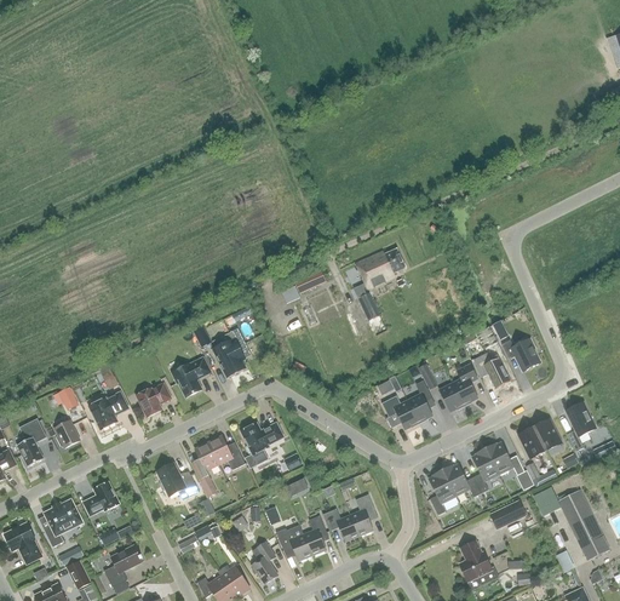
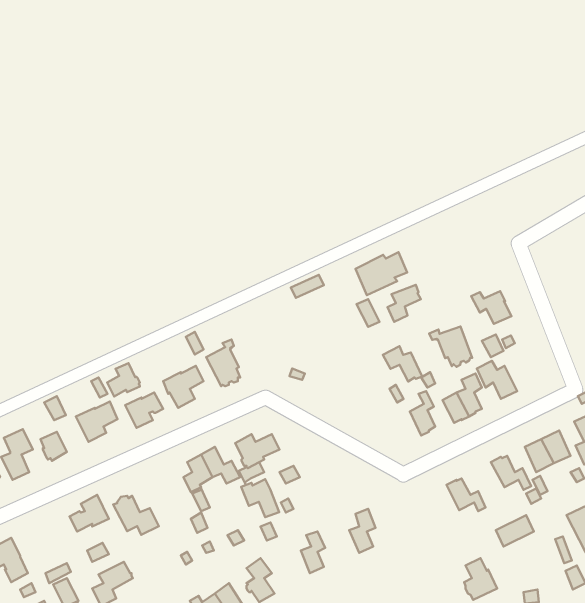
building: none -> [388,285,421,322]
building: none -> [429,326,472,367]
building: [501,338,540,370] -> [471,291,512,324]
building: none -> [107,363,140,397]
building: [381,394,419,428] -> [383,346,422,381]
building: [472,448,499,492] -> none
building: [156,462,200,499] -> [113,496,159,535]
building: [429,470,455,514] -> none
building: [44,498,82,546] -> none
building: [323,508,360,540] -> none
building: [276,523,312,560] -> [241,479,279,517]

